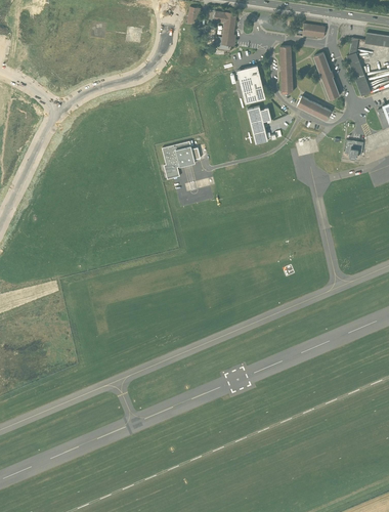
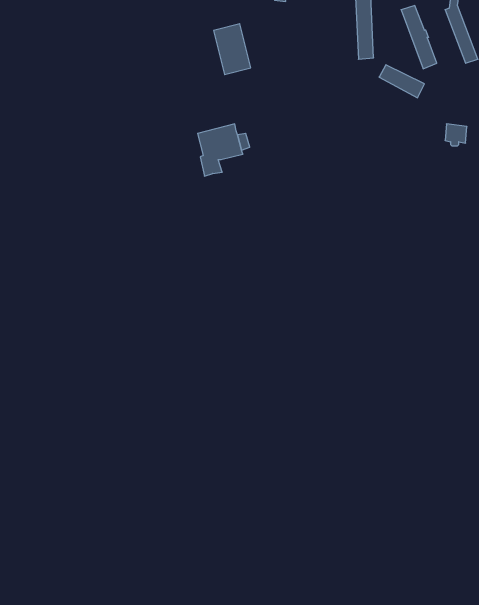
building: [237,67,265,104] -> [214,24,251,75]
building: [247,108,272,144] -> none

